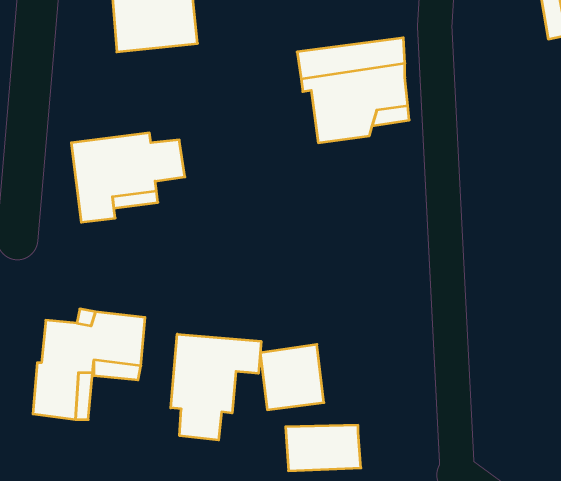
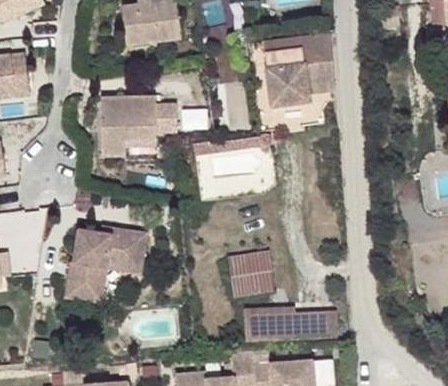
building: [171,334,261,440] -> none
building: none -> [296,311,339,338]

